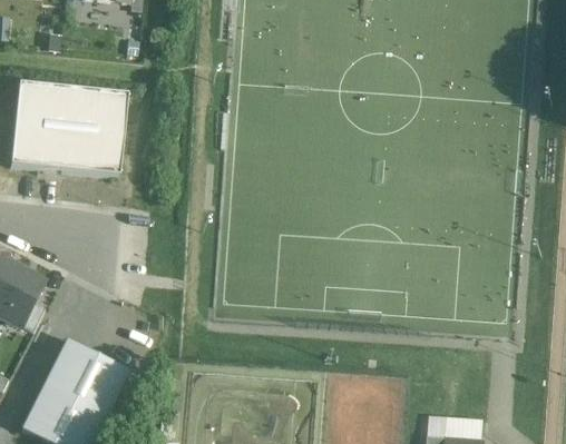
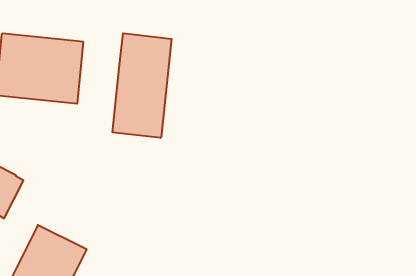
building: none -> [113,33,172,138]

